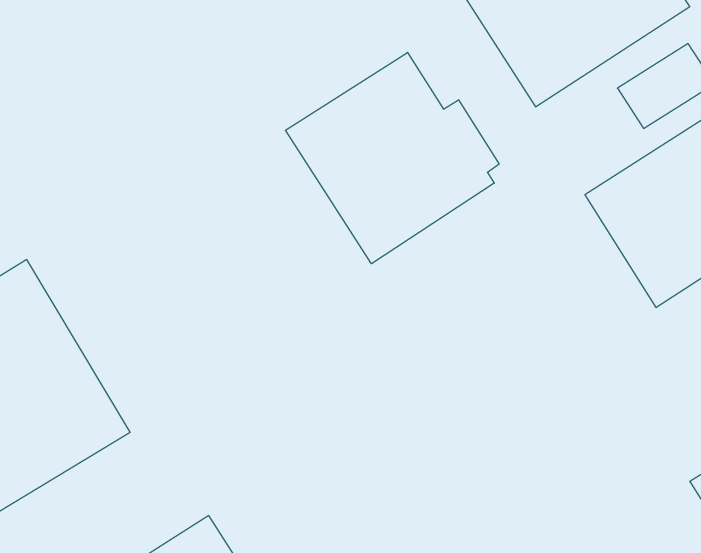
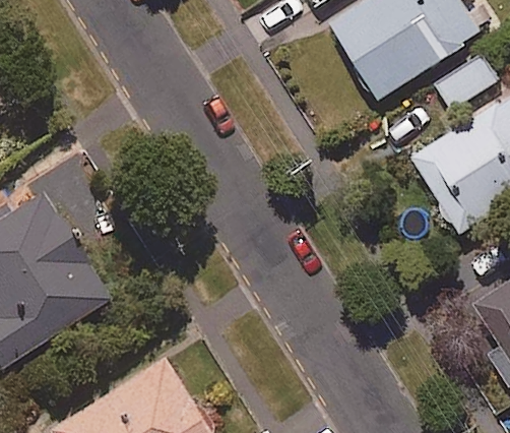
building: [285,52,499,264] -> none

